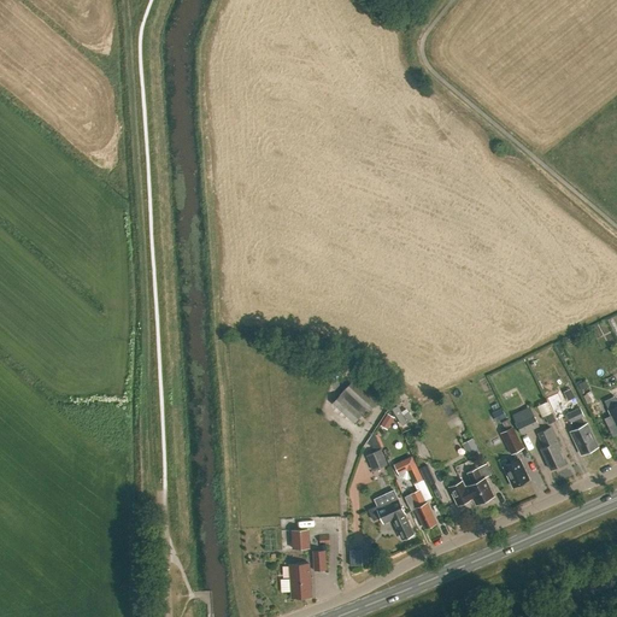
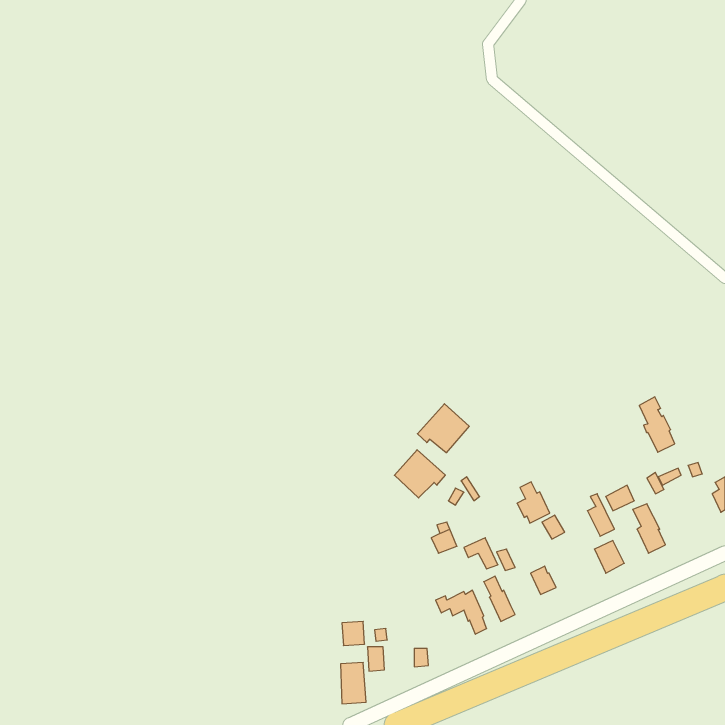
building: none -> [417,404,469,453]
building: [566,407,597,454] -> [639,397,675,452]
building: [466,469,494,504] -> [517,482,550,523]

